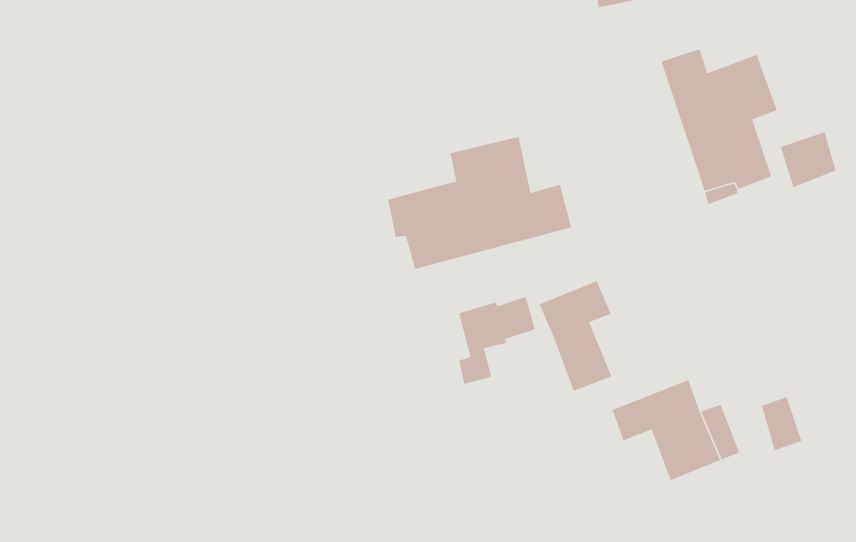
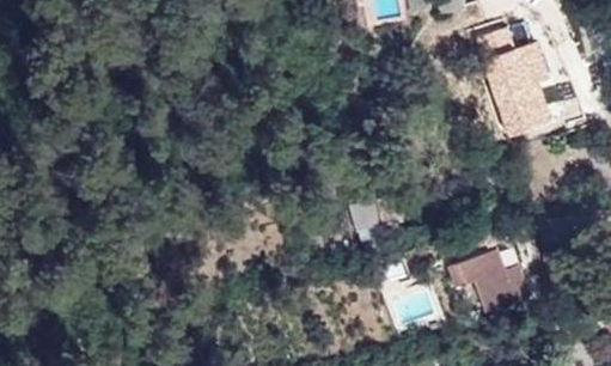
building: [387,136,572,270] -> none
building: [539,280,613,392] -> none

